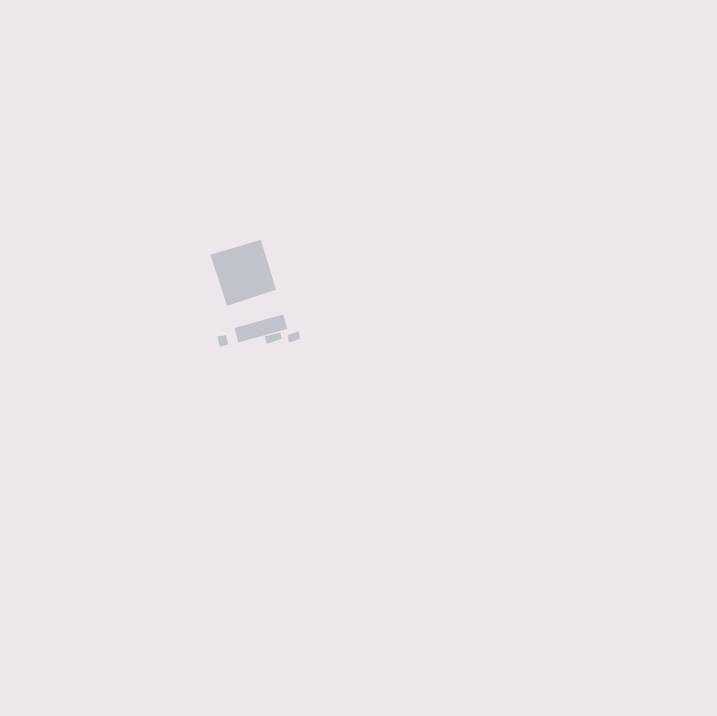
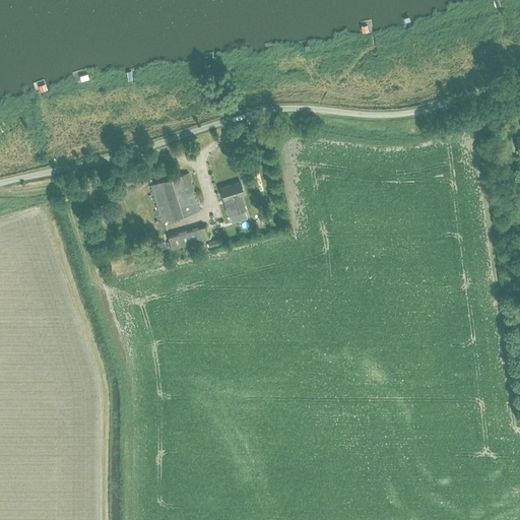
building: none -> [219,183,244,216]

